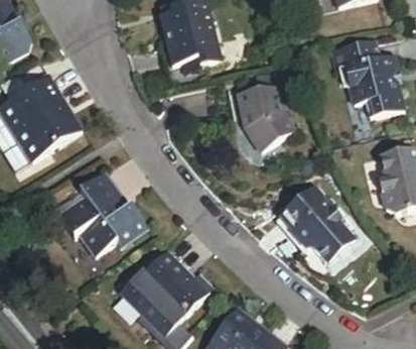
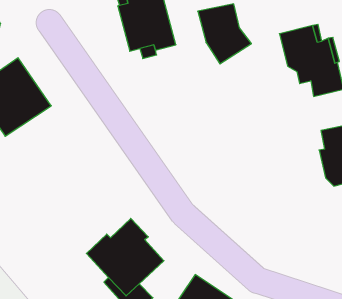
building: [232,89,290,154] -> [198,4,251,64]
building: [60,169,152,256] -> none
building: [279,188,352,262] -> none

